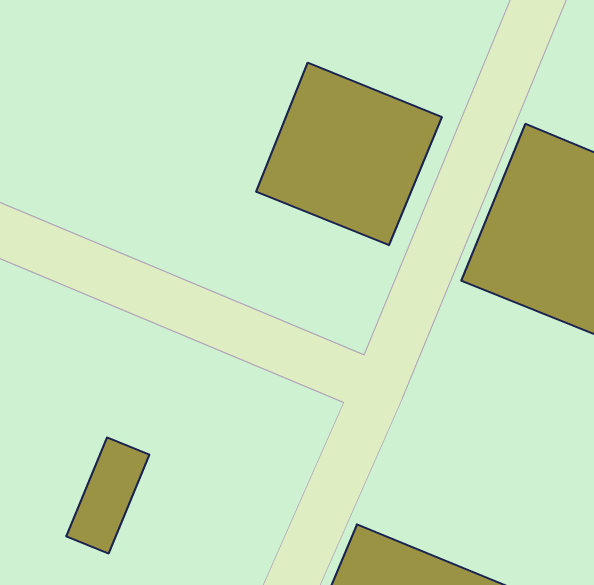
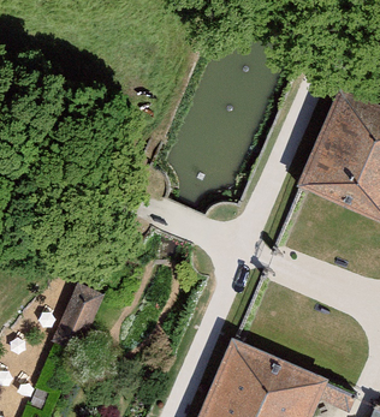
building: [256,63,442,245] -> none

